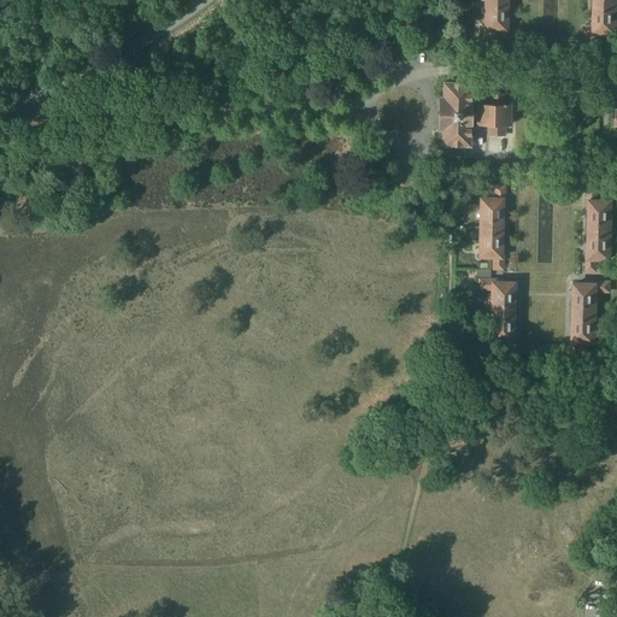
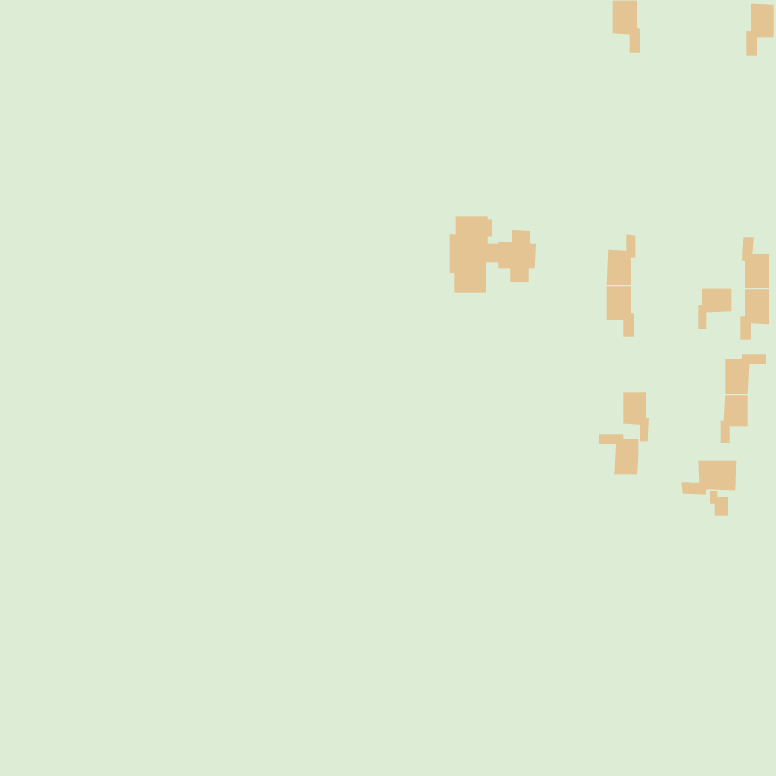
building: [440,82,510,143] -> [449,216,537,293]
building: none -> [698,288,732,330]
building: [482,278,515,311] -> [598,434,639,475]
building: none -> [681,460,737,495]

